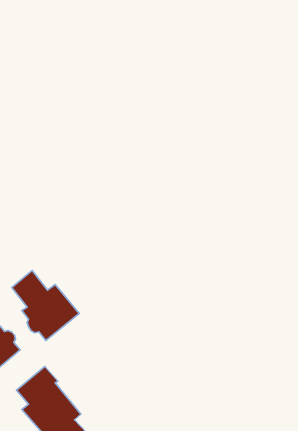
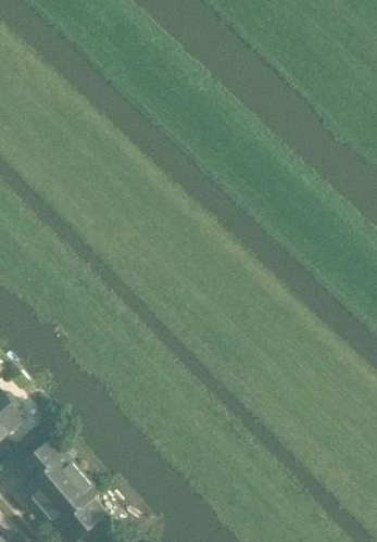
building: [12,271,79,340] -> none

